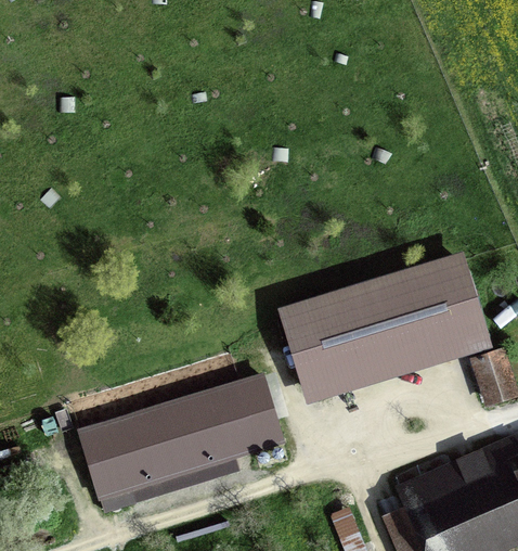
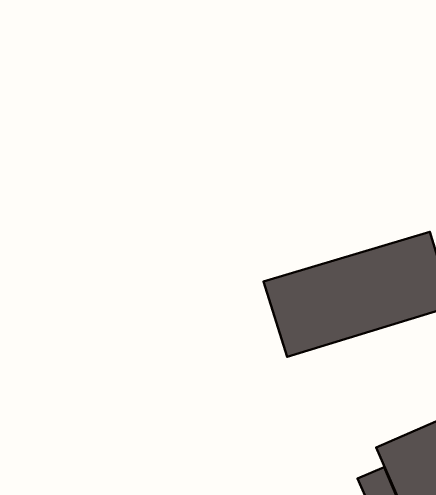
building: [80,382,283,500] -> none

